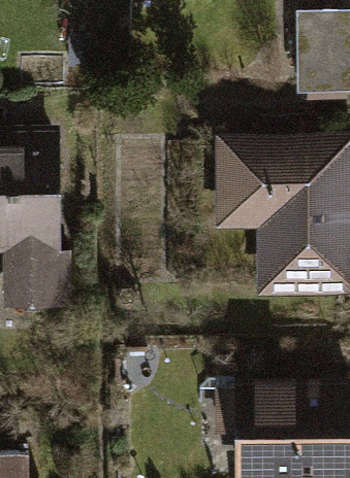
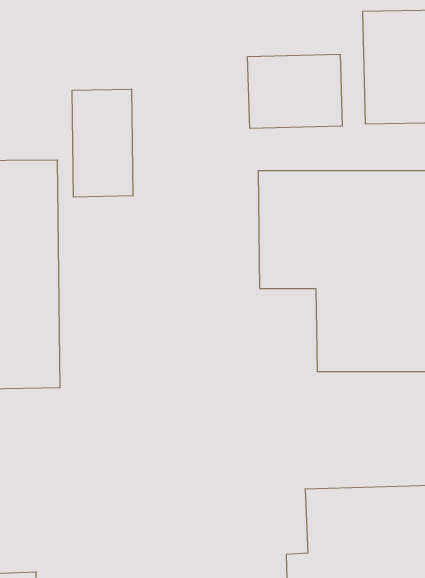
building: none -> [248,54,342,128]
building: none -> [72,89,133,197]

